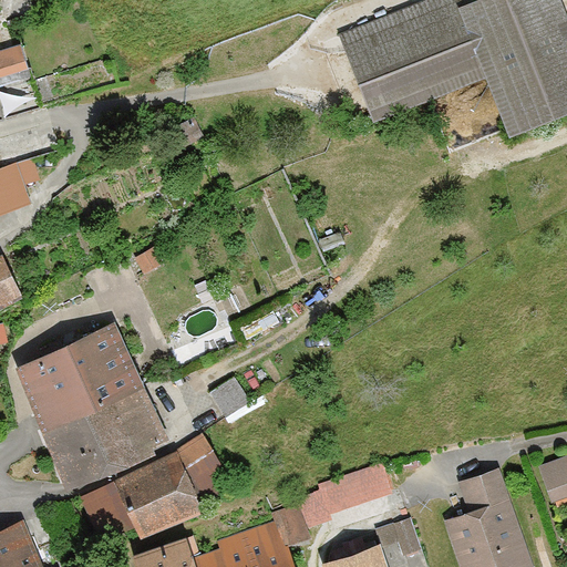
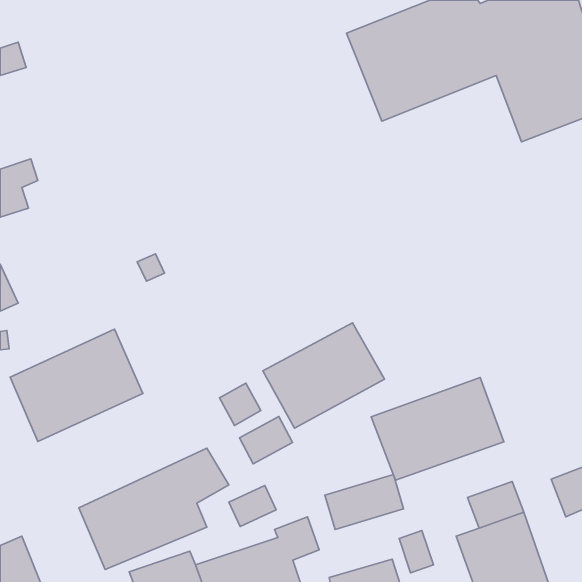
building: none -> [263,323,385,428]
building: none -> [371,378,504,480]
building: [39,383,169,491] -> none
building: none -> [240,417,293,464]
building: none -> [229,485,276,527]

